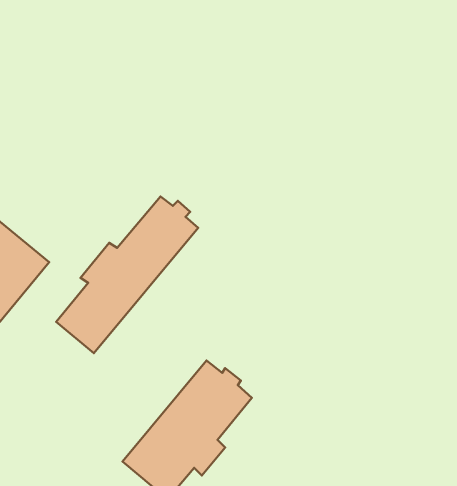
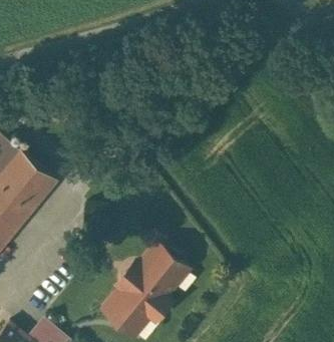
building: [56,196,198,353] -> none

